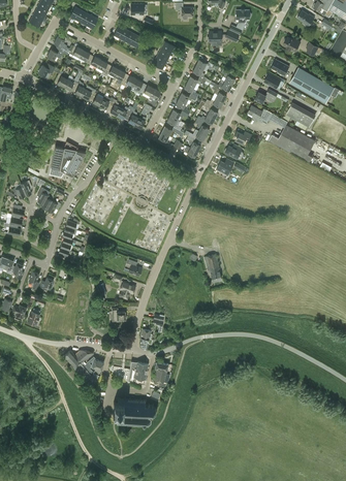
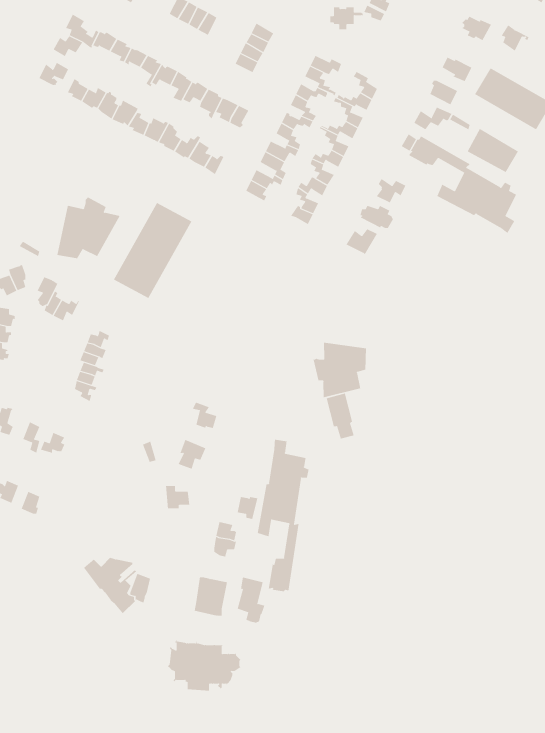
building: none -> [113,202,192,299]
building: none -> [313,342,366,398]
building: none -> [257,439,309,592]

